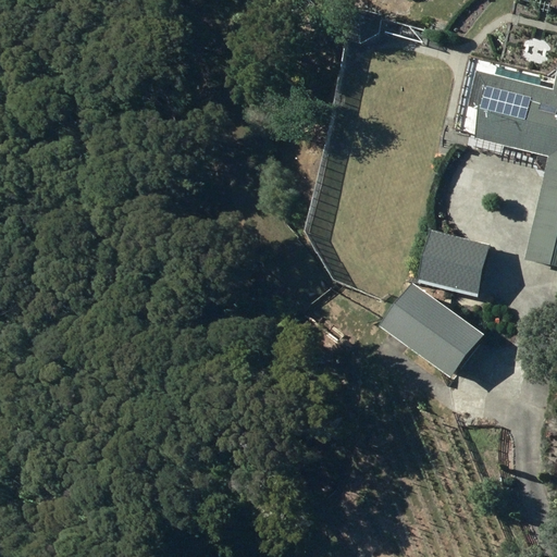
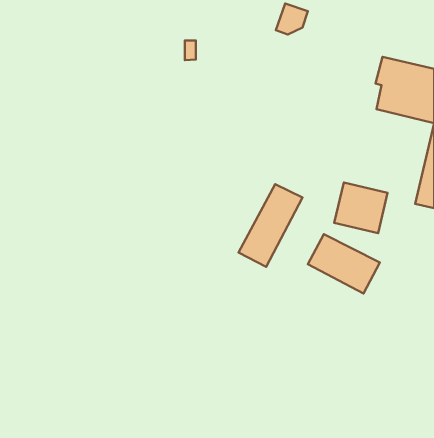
building: none -> [239,184,302,267]

